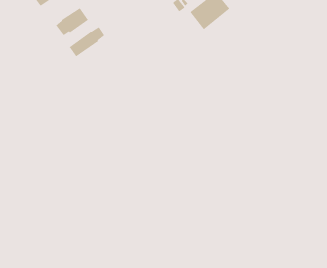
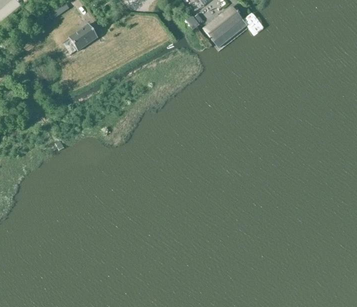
building: [69,27,105,57] -> none

